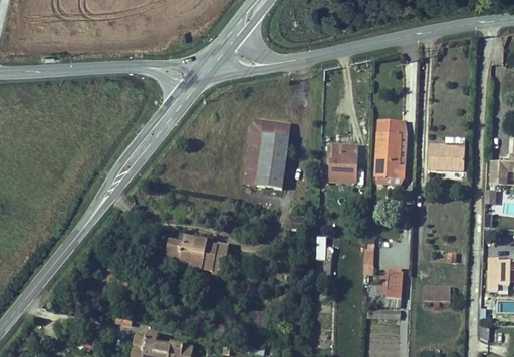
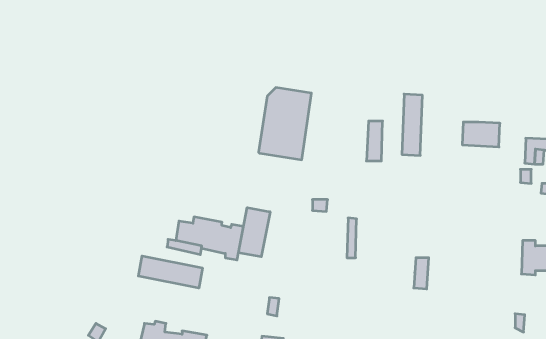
building: [393,120,408,177] -> none
building: [328,144,344,182] -> none
building: none -> [238,208,270,257]
building: none -> [138,256,202,288]
building: [425,286,451,301] -> none

